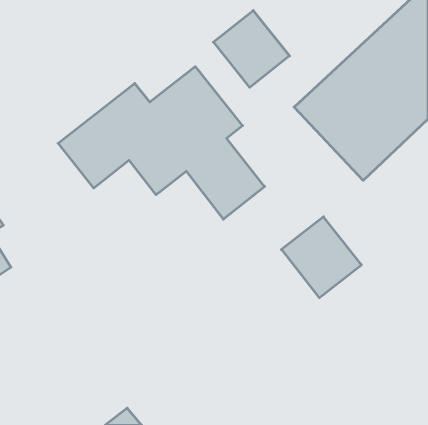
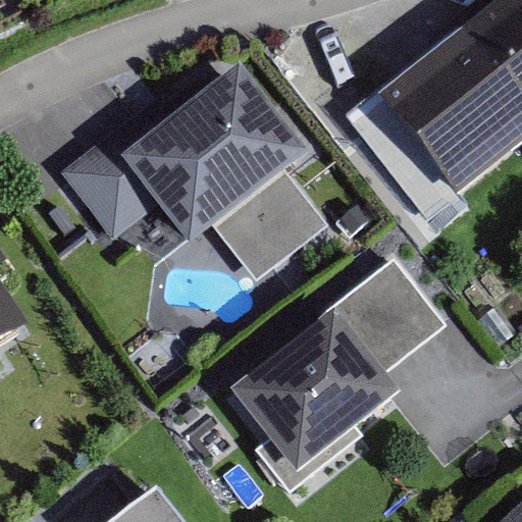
building: [213,10,290,87] -> none
building: none -> [240,321,388,465]

